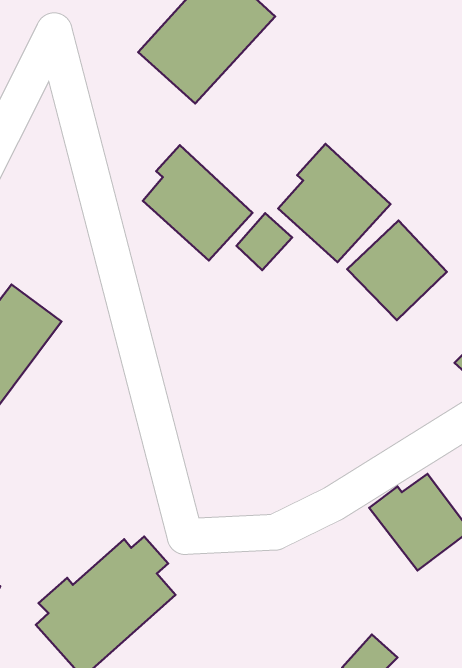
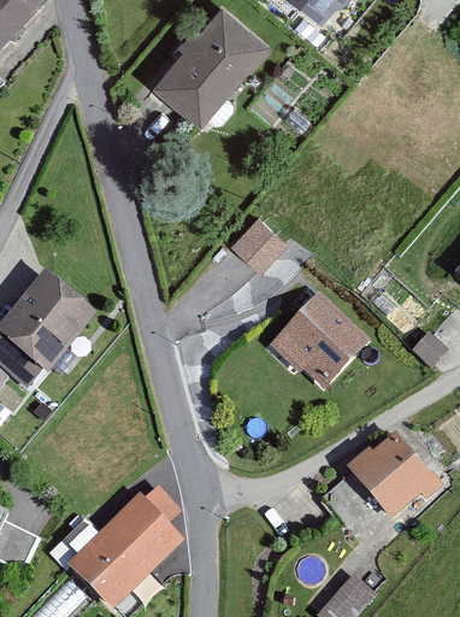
building: [278,144,390,262] -> none
building: [143,145,253,261] -> none
building: [347,221,447,320] -> [273,299,358,383]

